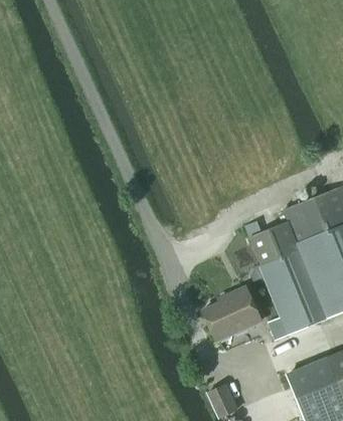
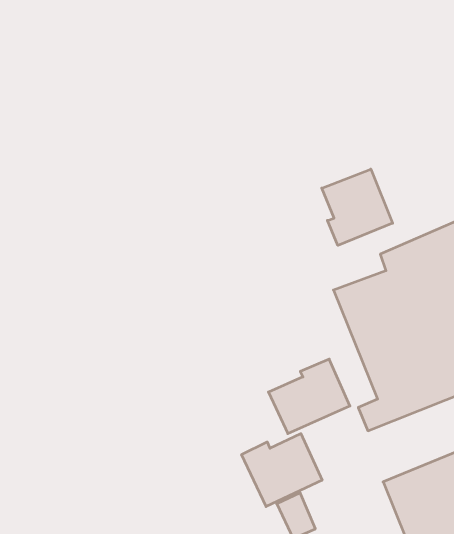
building: none -> [322,169,393,245]
building: none -> [242,434,322,507]

